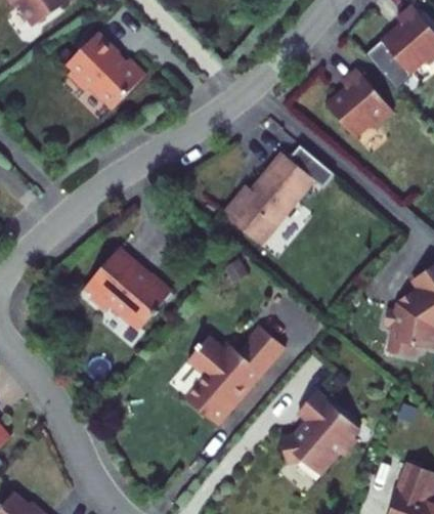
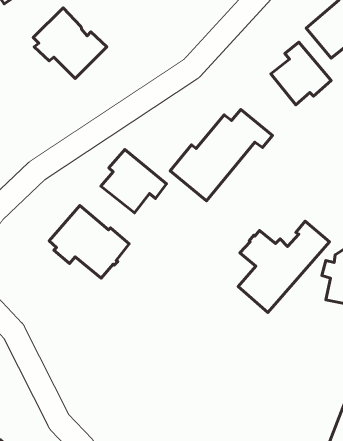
building: none -> [101,150,167,213]
building: [185,325,286,425] -> [238,221,329,313]
building: [280,390,359,472] -> none

